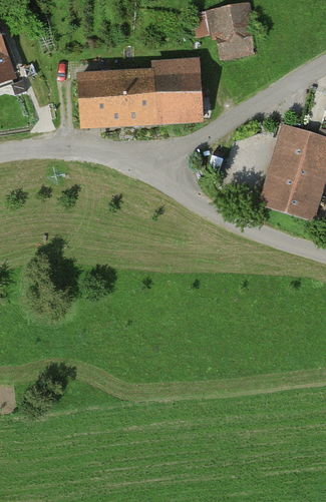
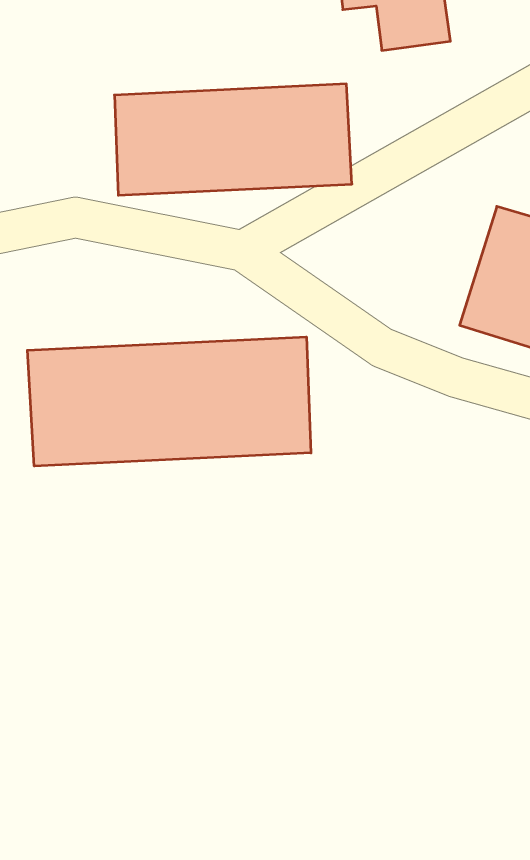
building: none -> [27,337,311,466]

